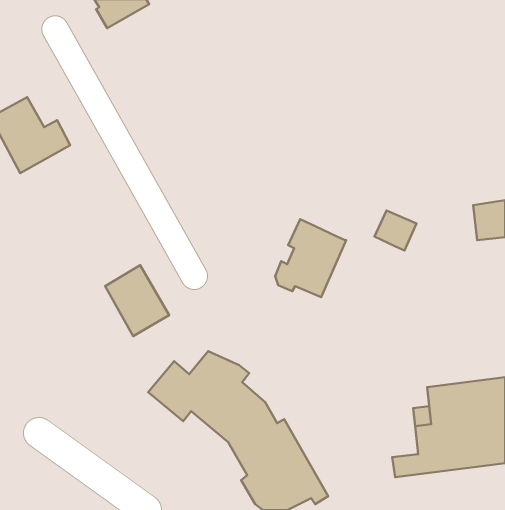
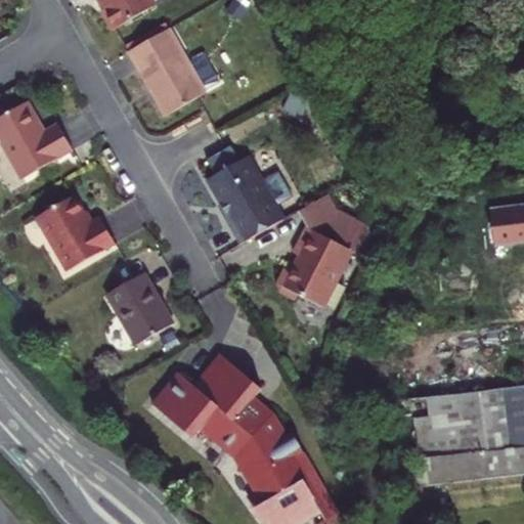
building: none -> [127,26,204,114]
building: none -> [208,156,286,244]
building: none -> [35,194,114,270]
building: [375,210,417,250] -> [322,205,365,246]

